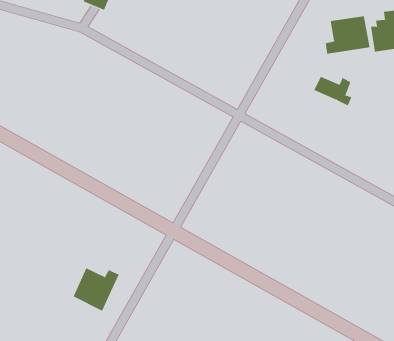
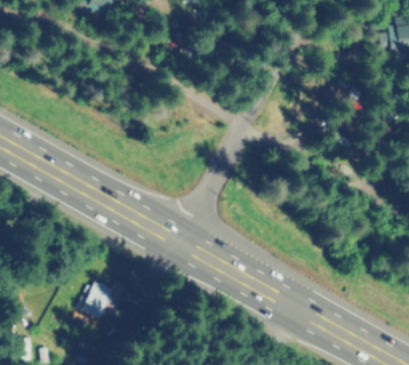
building: [325,15,370,55] -> none

